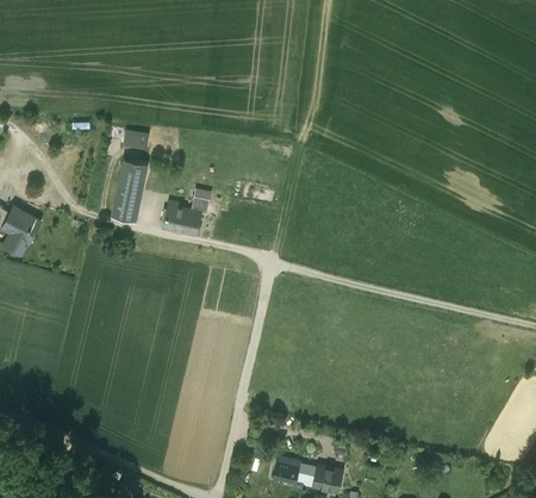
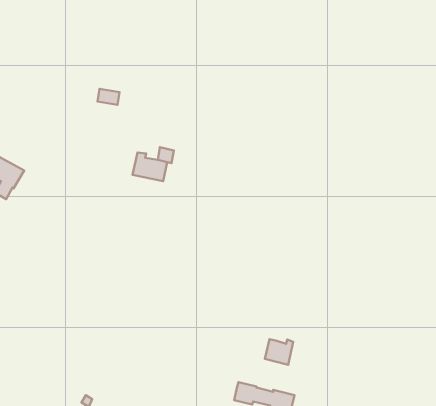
building: [110,157,145,218] -> none
building: none -> [265,339,293,365]

